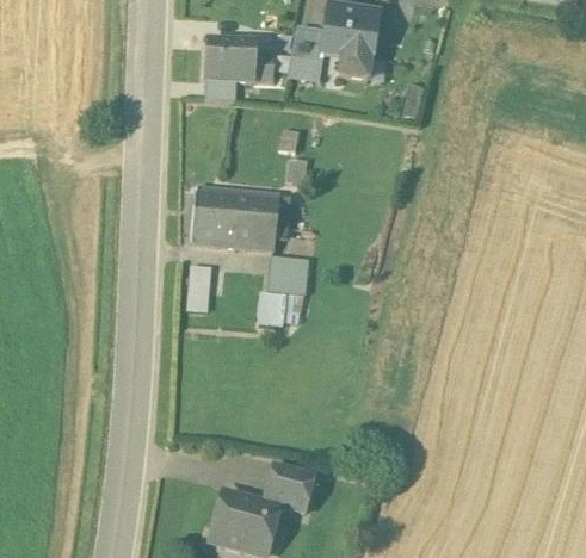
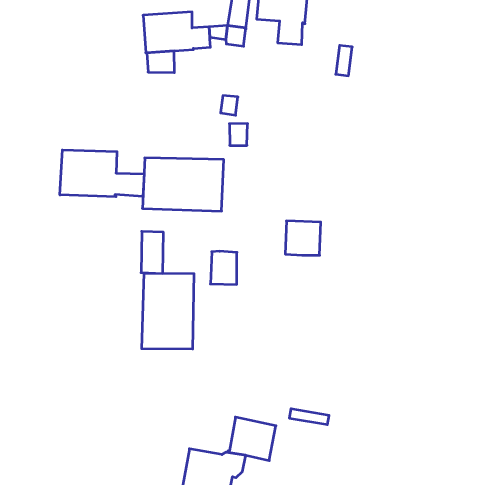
building: none -> [60,150,144,197]
building: [269,256,308,294] -> [285,221,321,255]
building: none -> [142,273,194,349]

